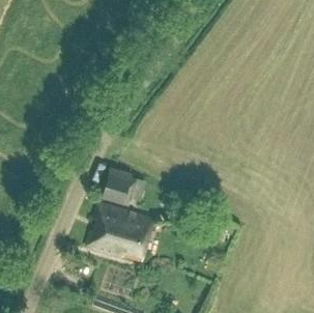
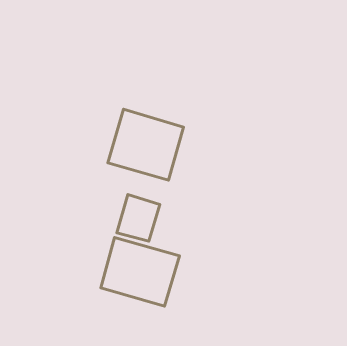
building: none -> [108,109,184,180]

